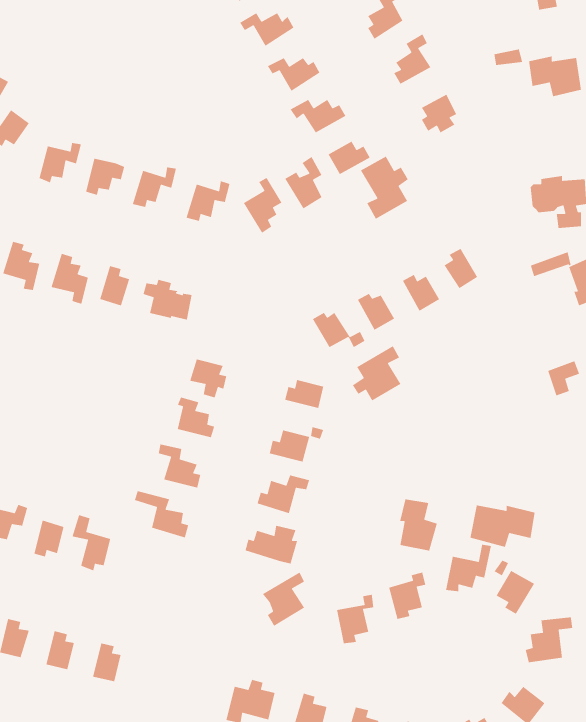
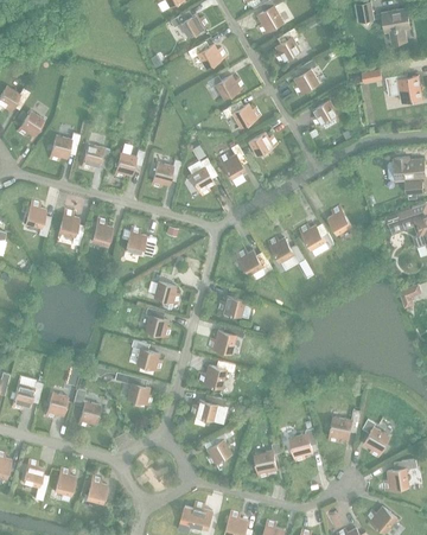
building: [360,155,409,220] -> none
building: [352,345,402,401] -> none
building: [399,498,438,551] -> none
building: [470,505,536,548] -> none

